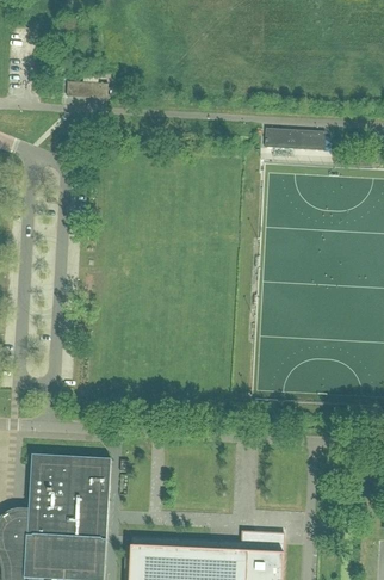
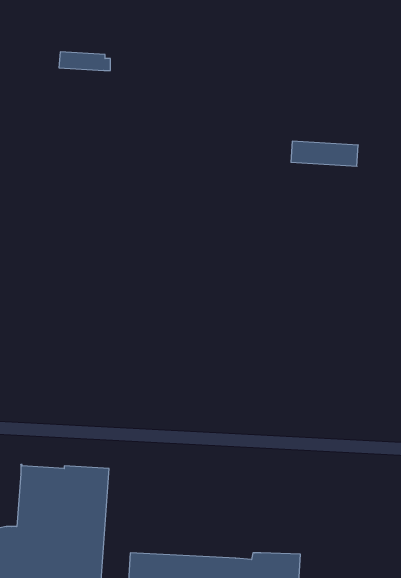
building: [265,128,326,150] -> [291,141,358,166]

